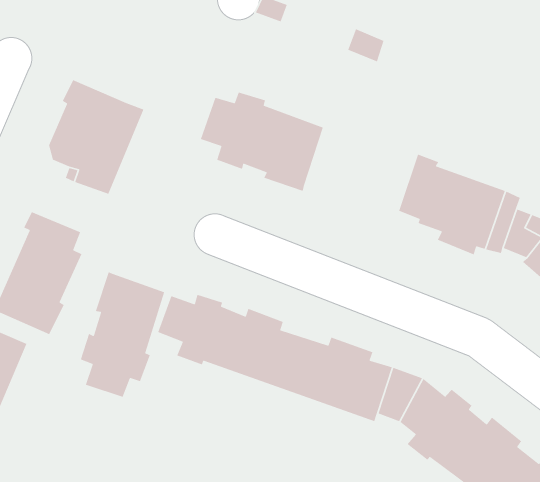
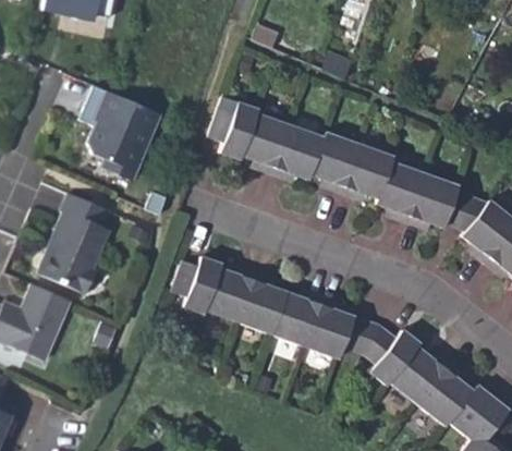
building: none -> [290,127,379,200]
building: [80,271,165,398] -> none

